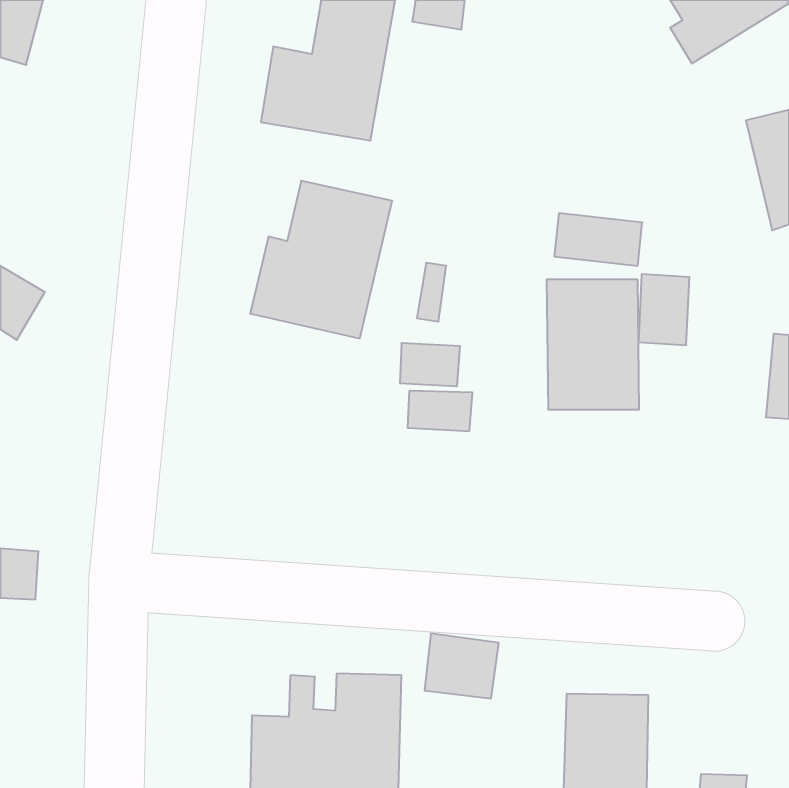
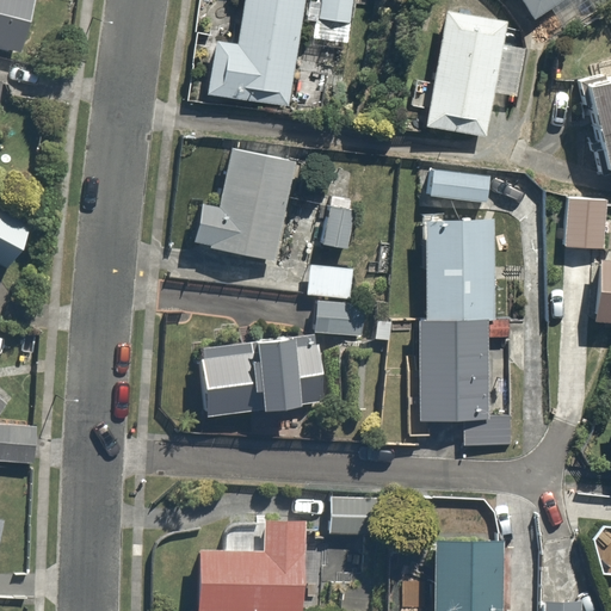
building: none -> [424,7,527,137]
building: [638,274,689,345] -> [563,196,603,251]
building: none -> [413,316,516,444]
building: none -> [204,340,326,414]

